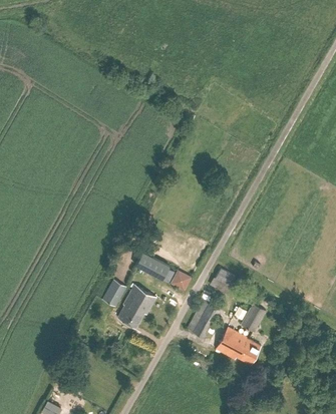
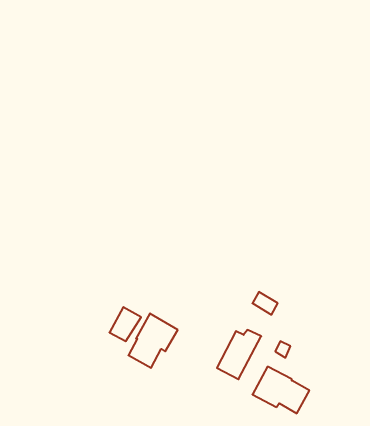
building: [135,253,175,285] -> none
building: [241,305,266,334] -> none

